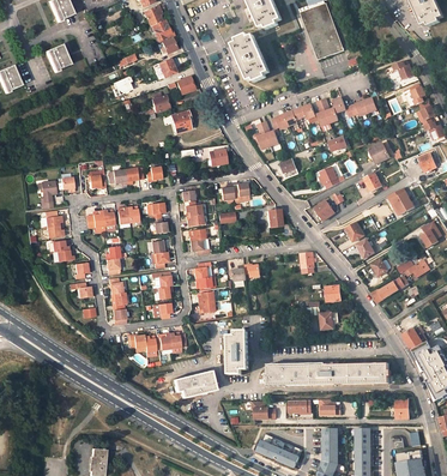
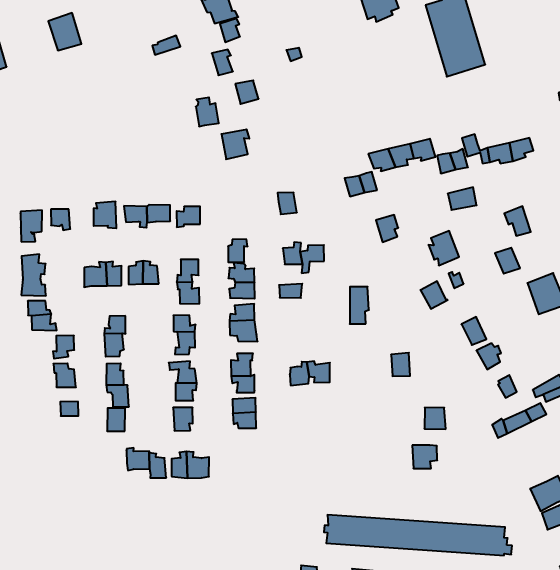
building: [232,34,268,82] -> none
building: [229,330,249,374] -> none
building: [173,372,215,398] -> none

